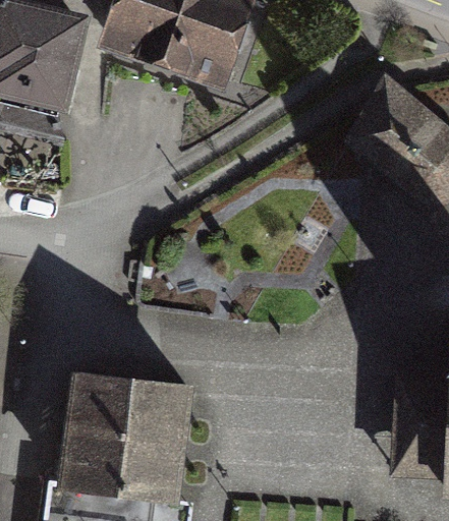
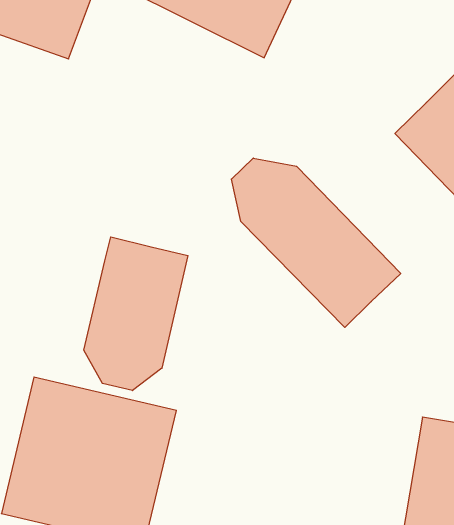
building: none -> [231,158,401,327]
building: none -> [84,237,188,391]

